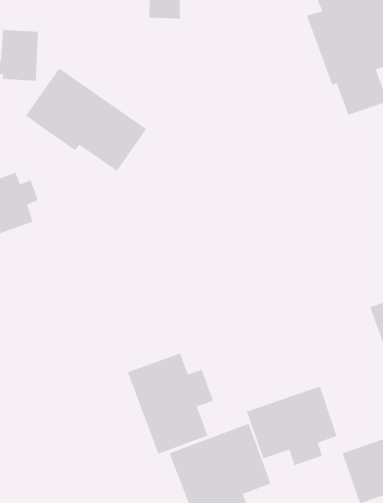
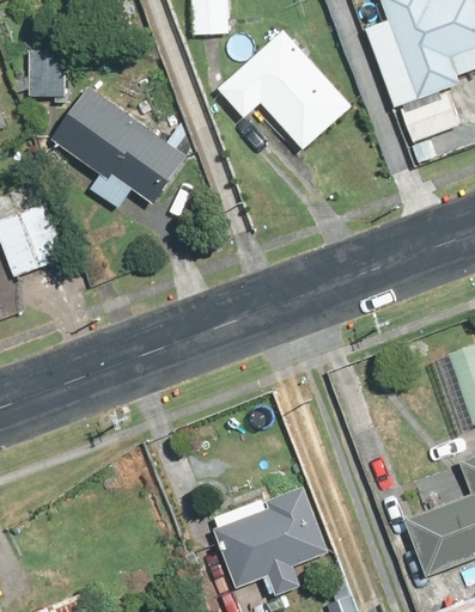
building: none -> [219,31,351,148]
building: [127,352,214,455] -> none
building: [246,385,338,466] -> none

